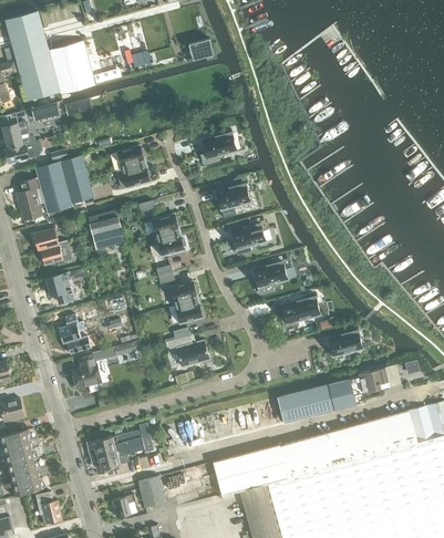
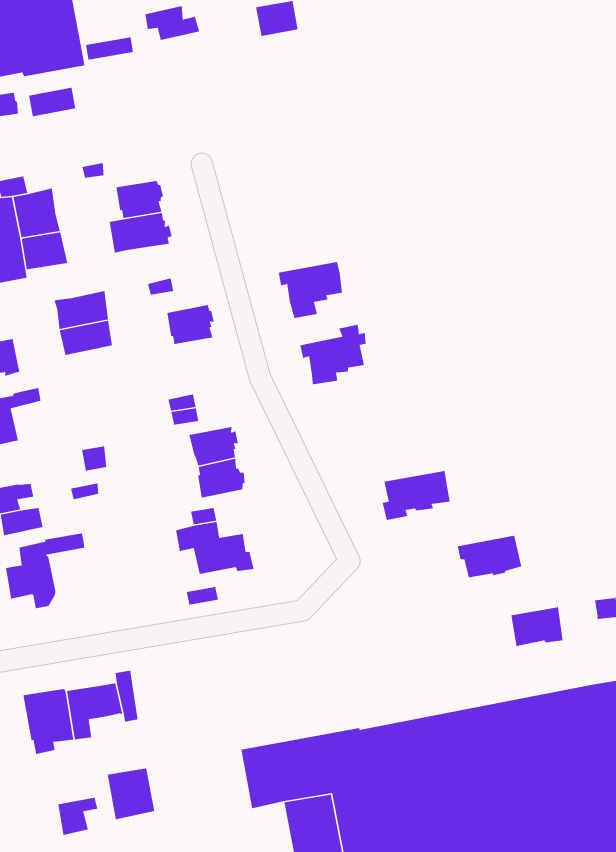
building: [199,132,237,164] -> none
building: [157,232,186,256] -> none
building: [250,256,288,293] -> none
building: [277,379,357,423] -> none

